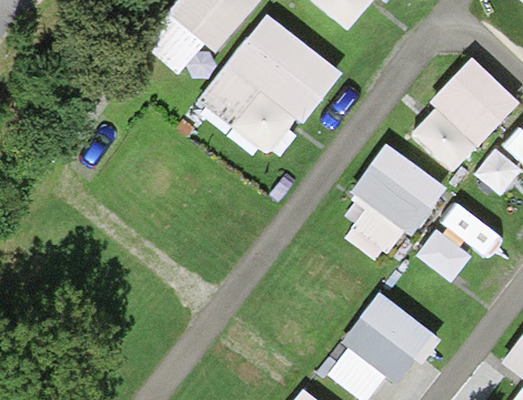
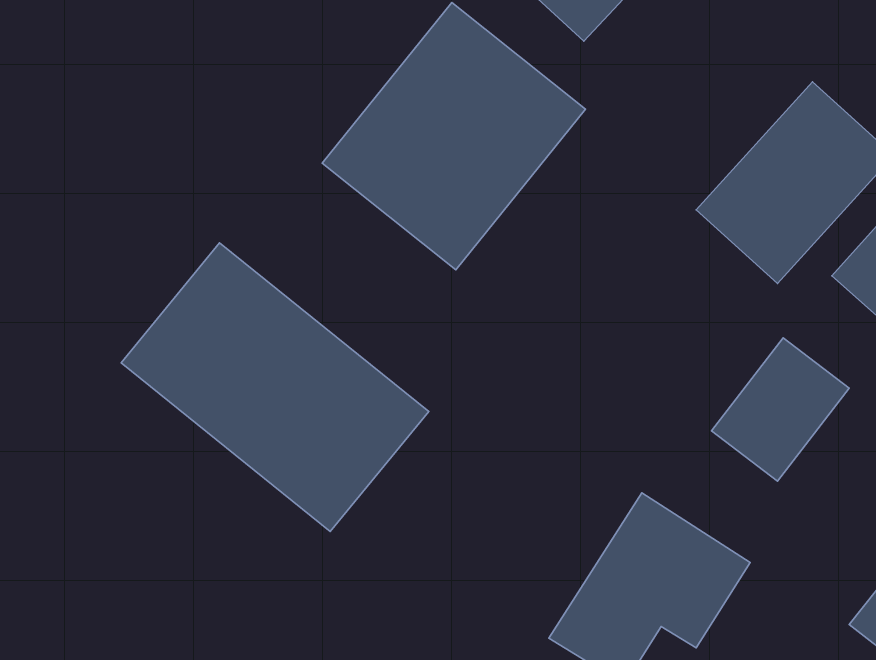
building: [351,141,446,233] -> none
building: none -> [121,243,429,532]

